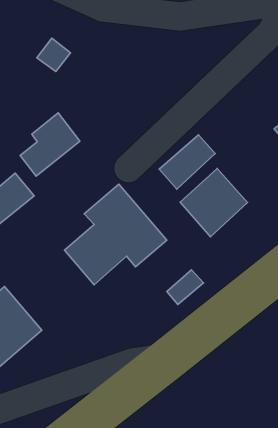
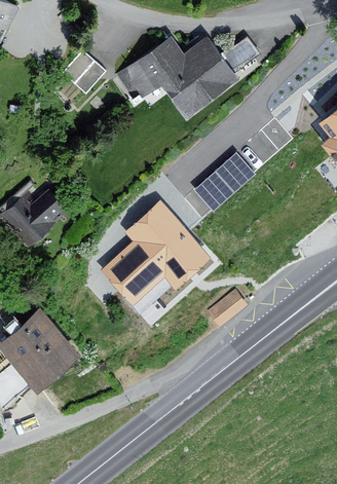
building: none -> [117,36,237,116]
building: [20,113,80,176] -> none
building: [180,169,248,237] -> none

